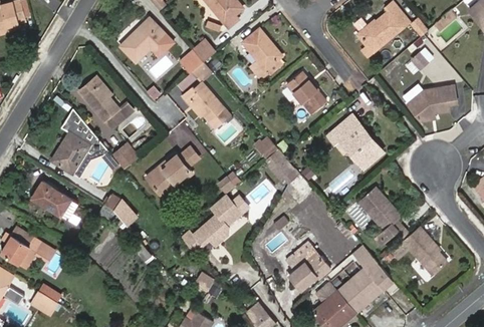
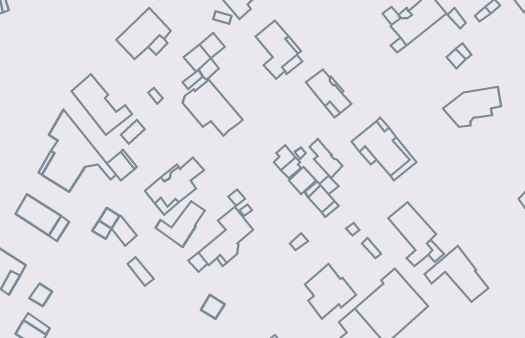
building: none -> [310,139,342,178]
building: none -> [156,201,205,247]

